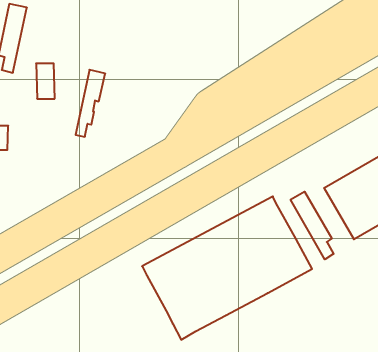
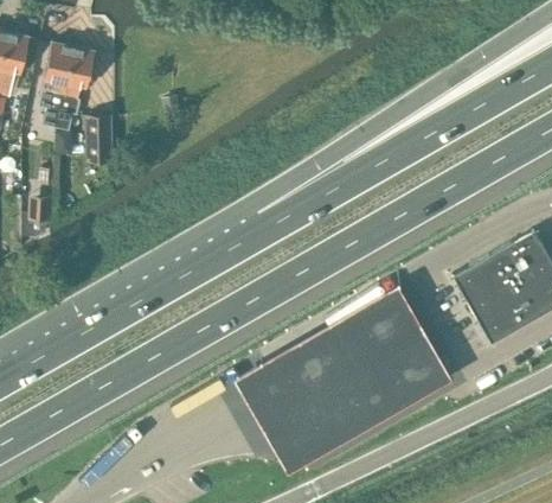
building: [76,70,105,137] -> [59,49,97,134]
building: [291,192,334,259] -> none

